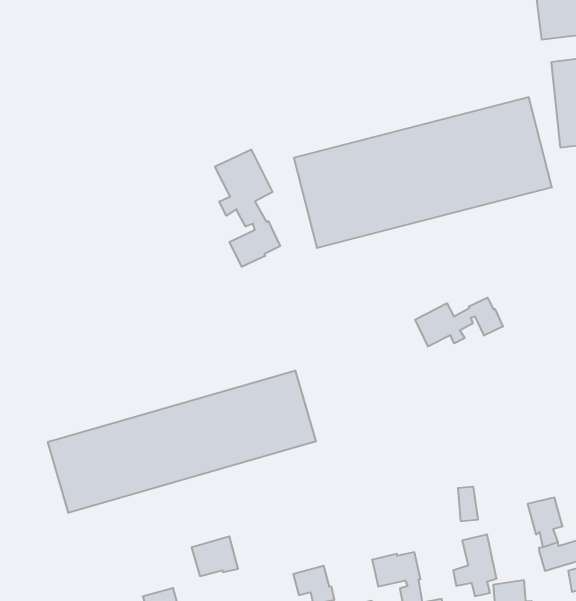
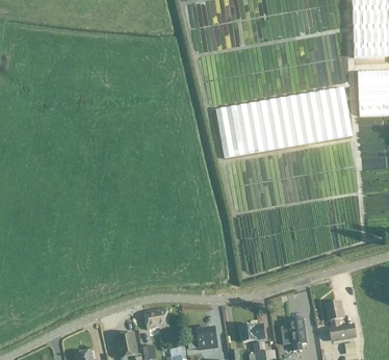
building: [215,150,280,267] -> none
building: [415,298,503,347] -> none
building: [48,370,316,513] -> none

